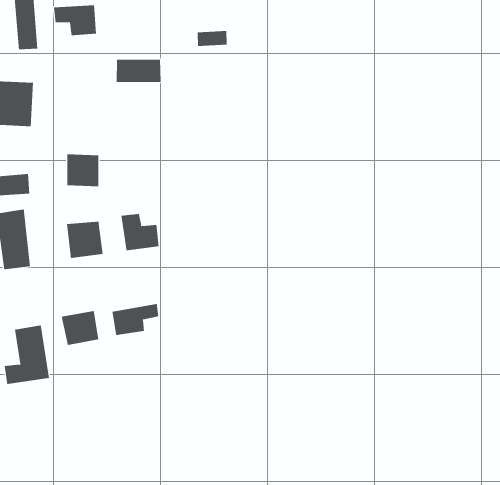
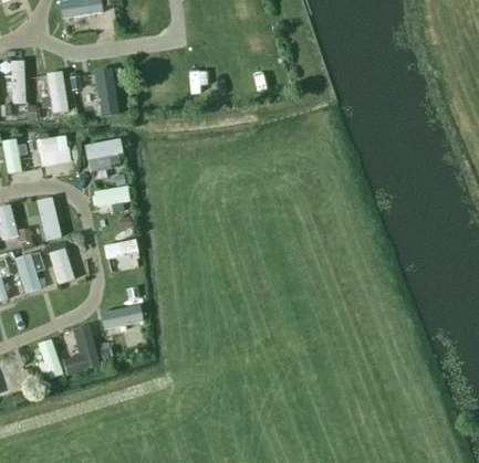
building: [116,59,162,82] -> [86,140,123,161]
building: [121,213,159,251] -> none
building: [112,303,159,336] -> none

